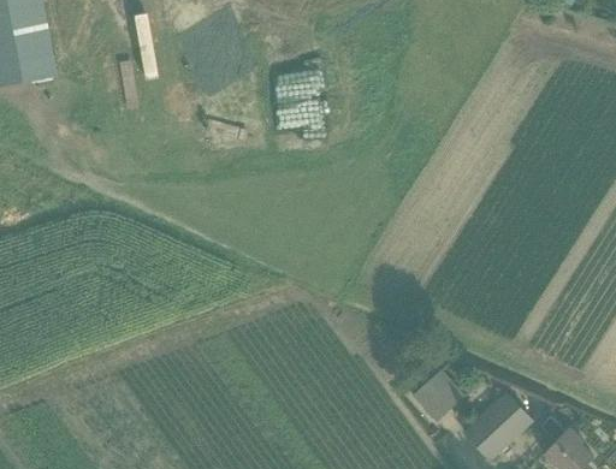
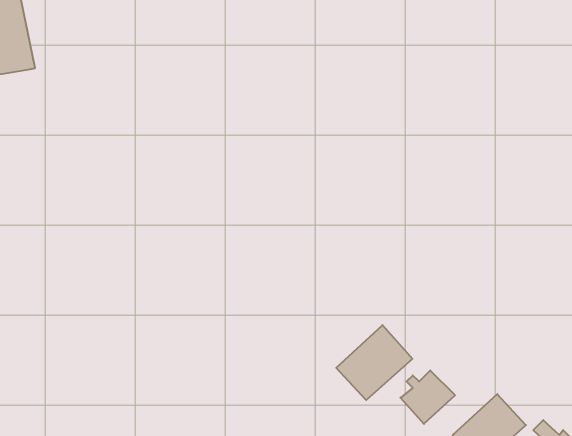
building: none -> [336,325,412,400]

